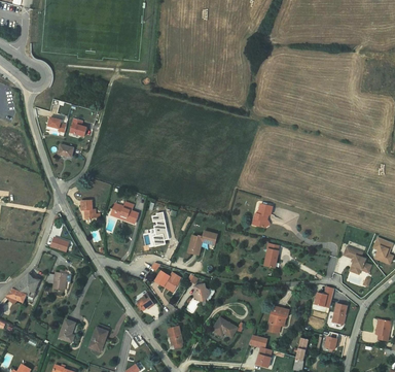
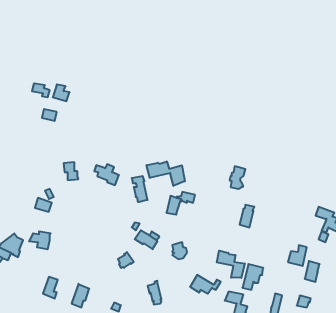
building: none -> [147,161,185,186]
building: none -> [217,251,245,278]

